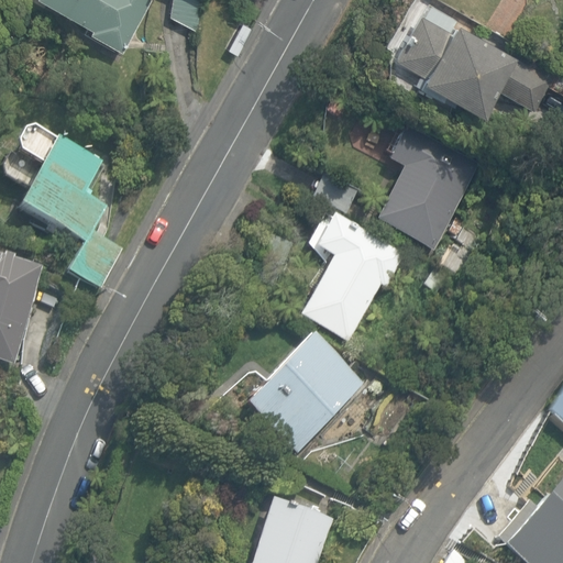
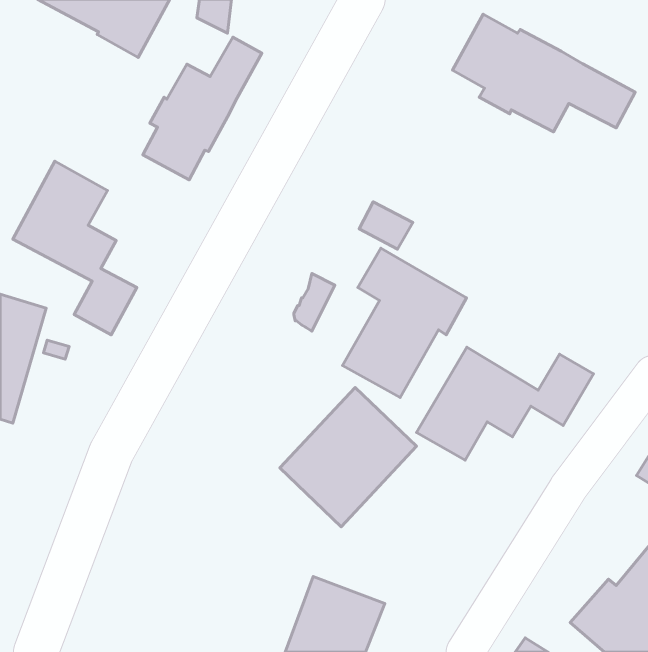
building: none -> [143,37,262,180]
building: [375,122,481,251] -> none
building: none -> [417,347,594,460]

